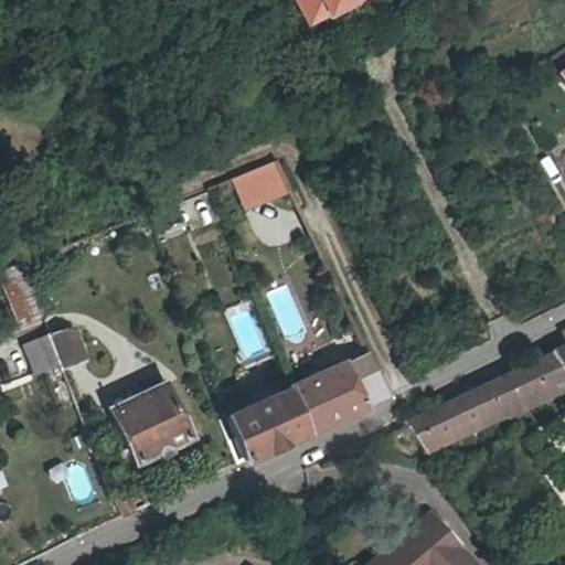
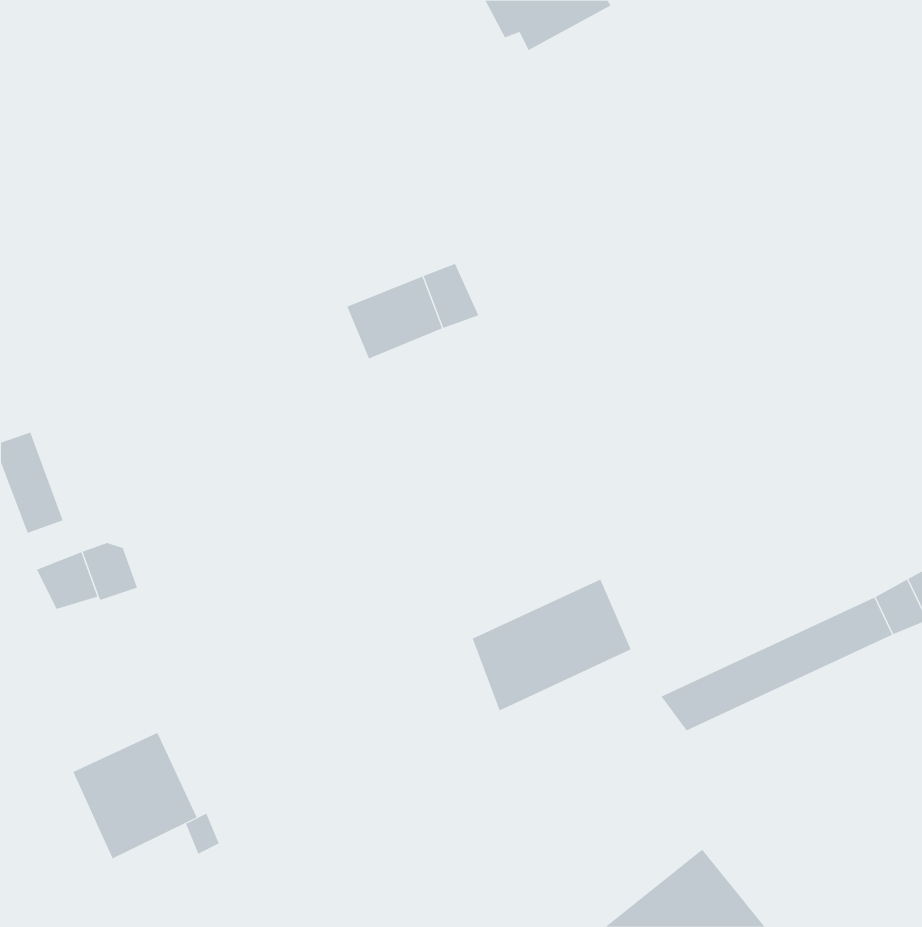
building: [115,385,191,462] -> [72,732,198,859]
building: [230,388,307,461] -> none

